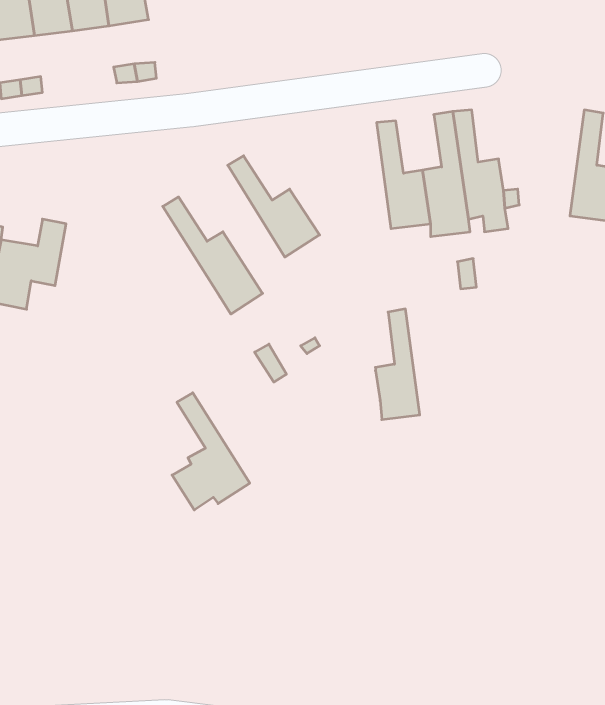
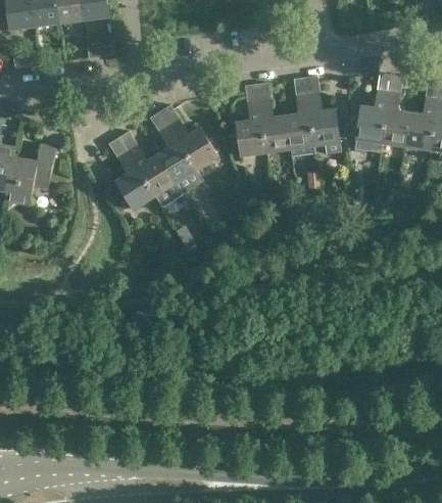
building: none -> [351,73,390,143]
building: none -> [149,110,204,193]
building: [375,309,420,420] -> [237,83,265,154]
building: [172,393,250,510] -> [105,137,155,213]

